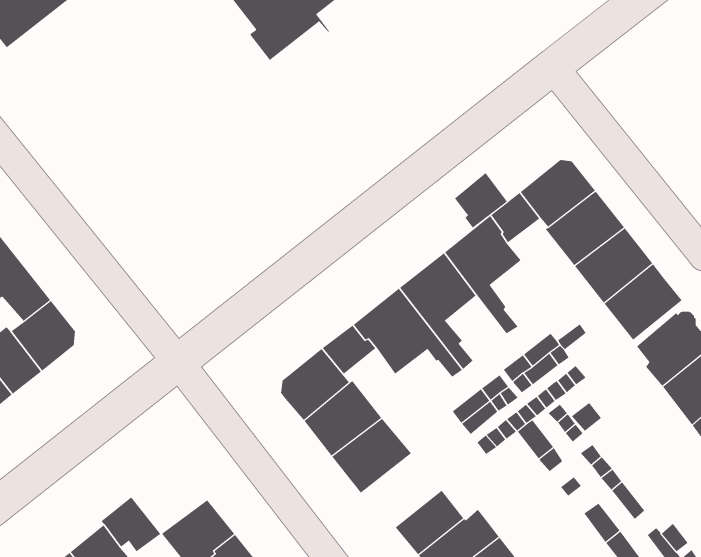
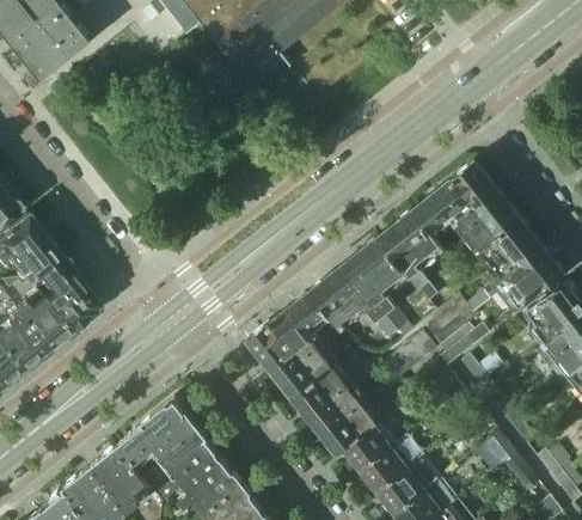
building: [454,172,508,228] -> none
building: none -> [314,393,376,453]
building: none -> [137,403,196,455]

